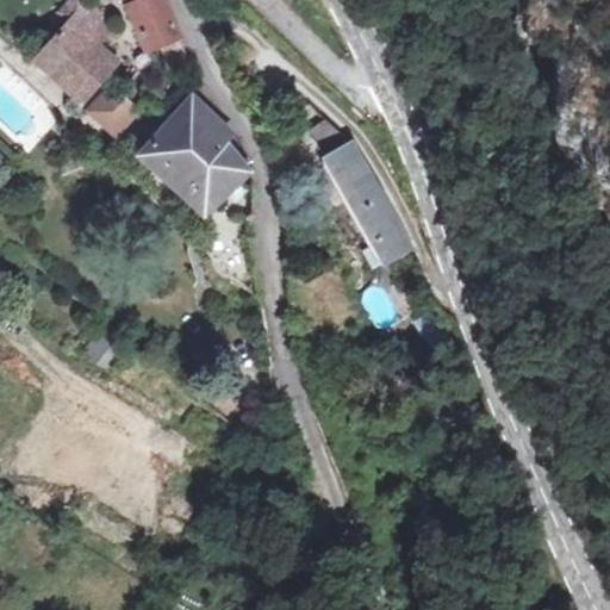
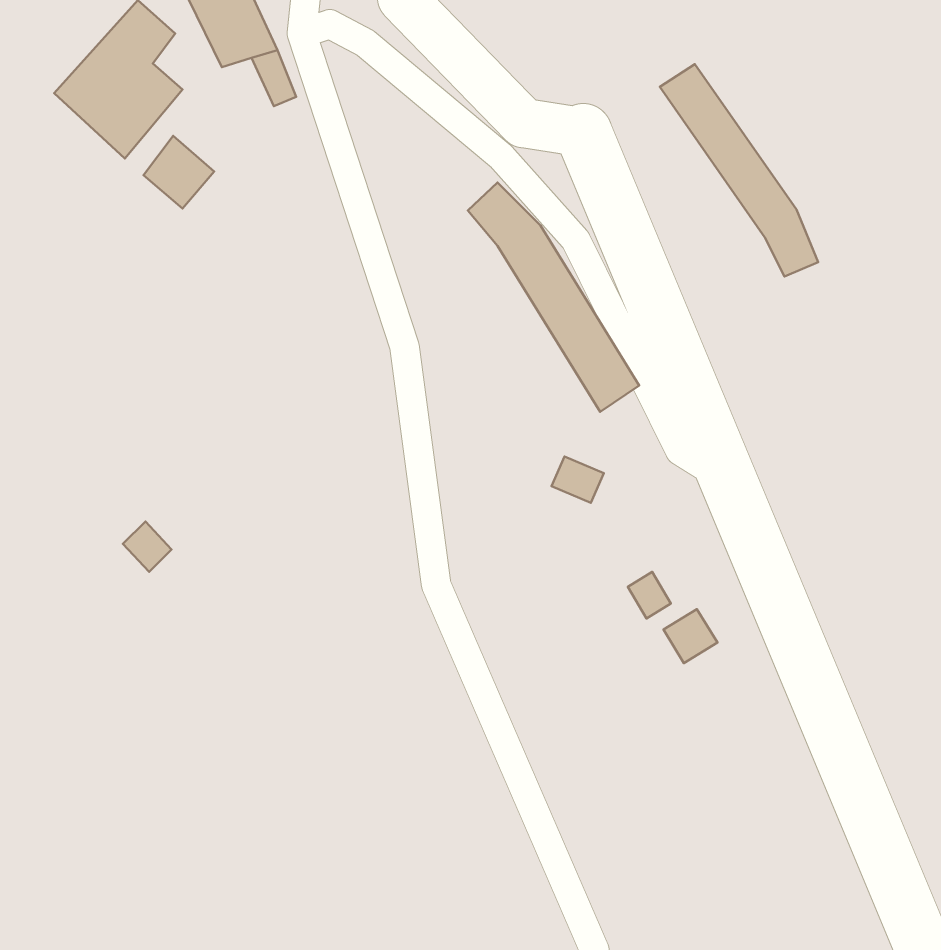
building: none -> [660,64,818,276]
building: [144,94,245,217] -> none

